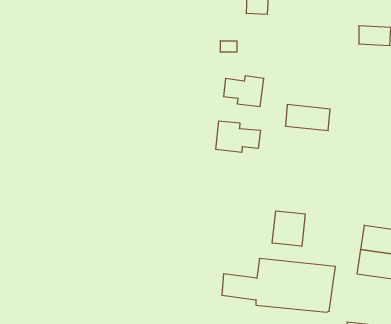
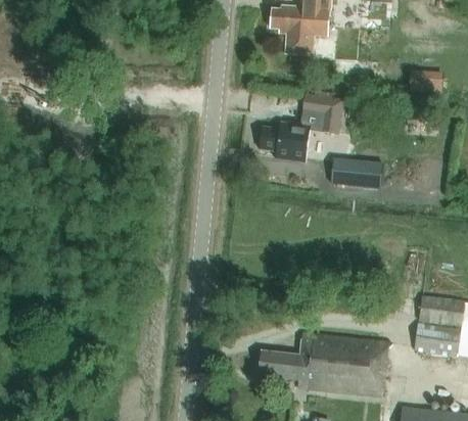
building: none -> [310,89,353,131]
building: [216,121,261,152] -> none
building: [272,211,305,246] -> none

